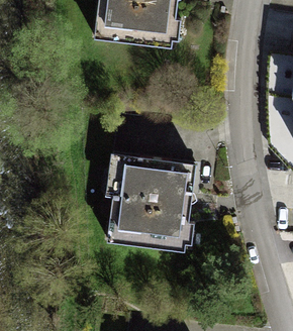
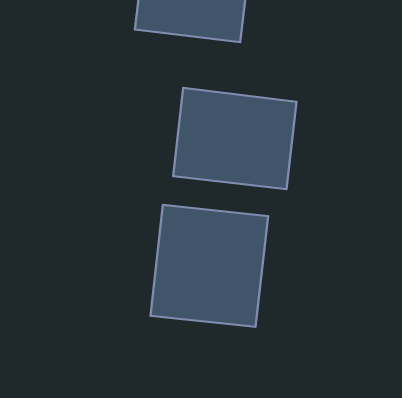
building: none -> [173,88,297,189]

